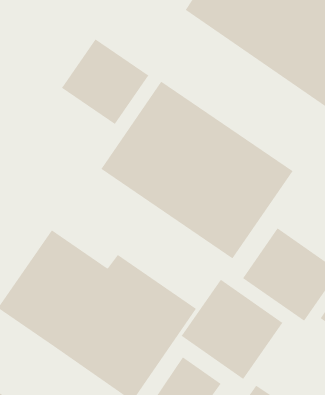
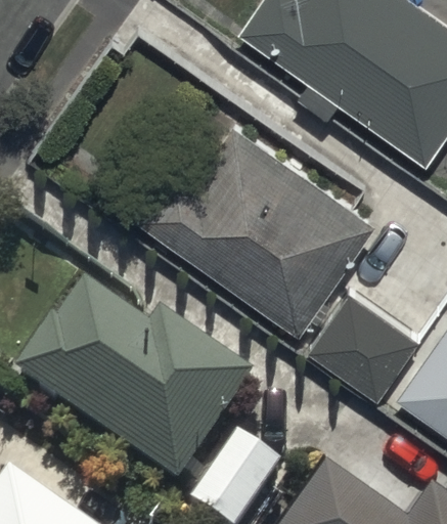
building: [61,38,149,125] -> none
building: [181,279,283,380] -> none

